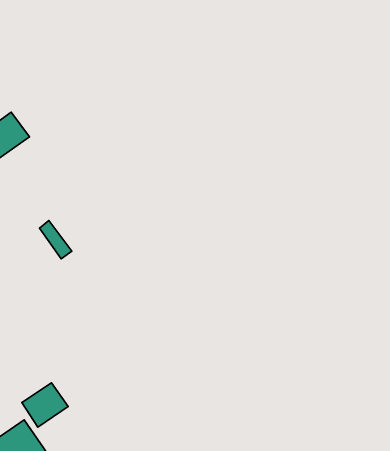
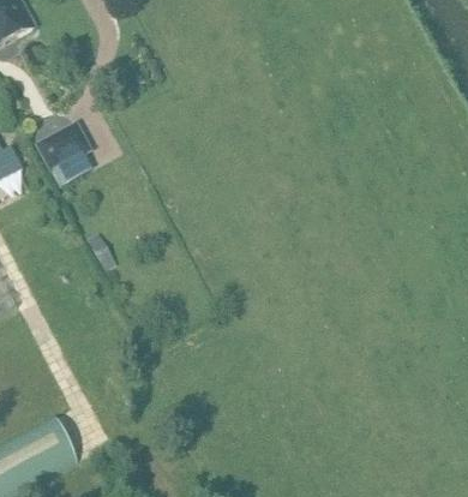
building: [22,383,68,427] -> none

